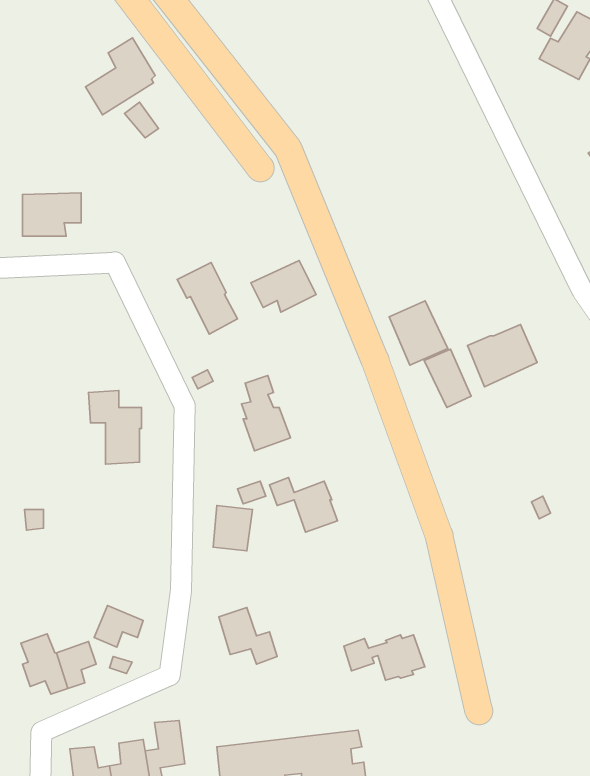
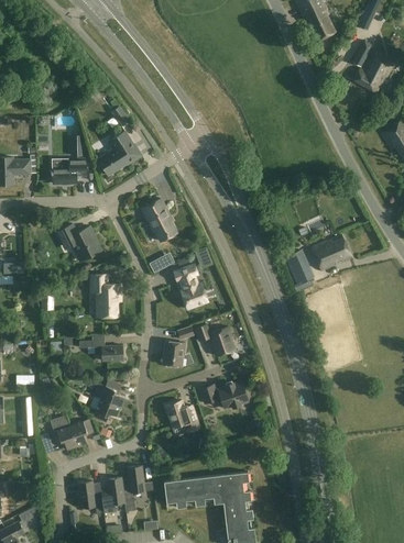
building: [86,38,155,115] -> [97,130,138,175]
building: [251,261,316,312] -> none
building: [389,301,448,365] -> none
building: none -> [55,223,99,258]
building: none -> [78,334,123,361]
building: none -> [94,379,125,407]
building: [344,635,425,680] -> [200,381,248,408]

